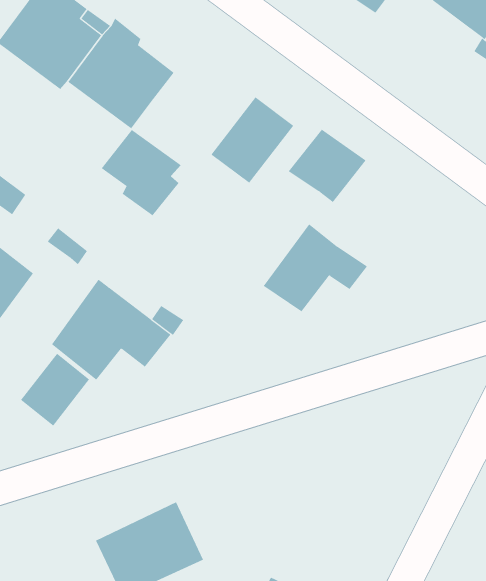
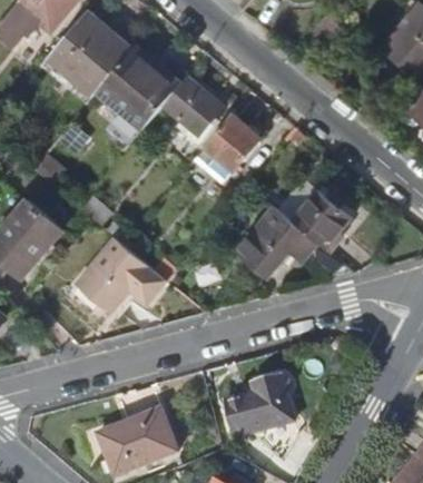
building: [288,129,366,203] -> [292,194,351,249]
building: [101,129,181,216] -> [161,79,222,145]
building: [20,353,90,426] -> none
building: none -> [223,371,295,433]

